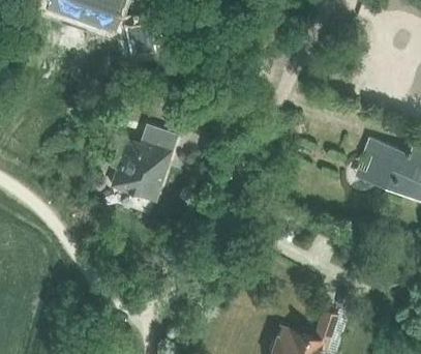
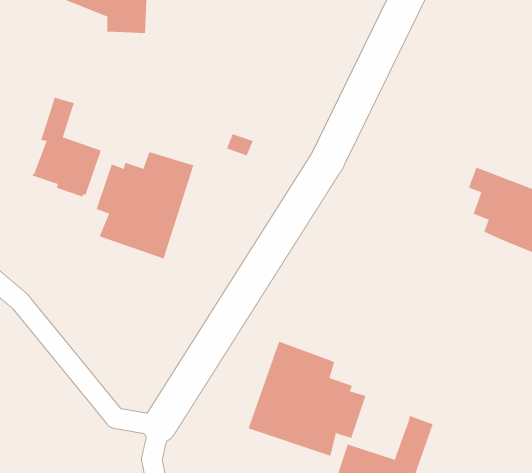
building: none -> [31,97,101,198]
building: none -> [248,341,366,456]

